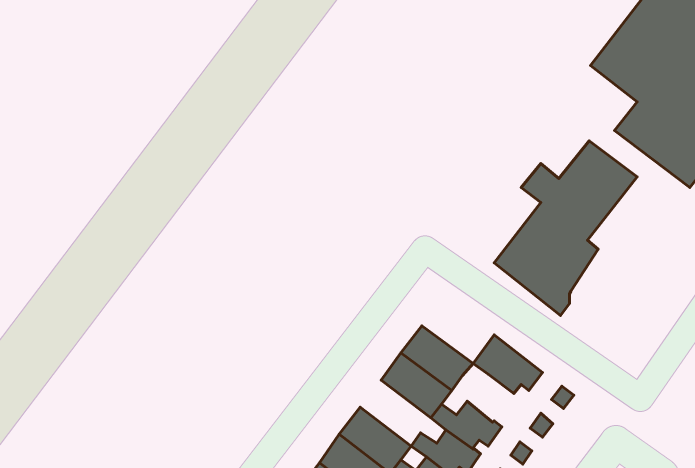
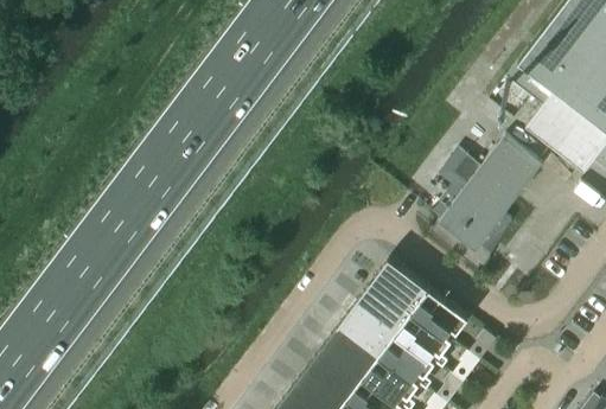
building: none -> [374,258,430,312]
building: none -> [397,320,453,358]
building: none -> [325,325,381,377]

